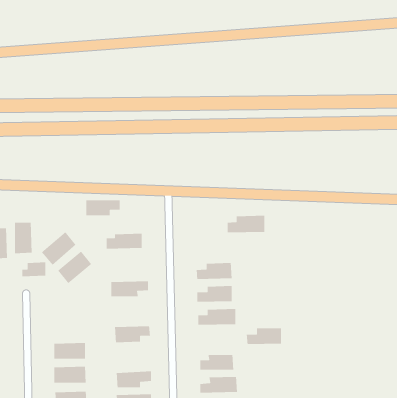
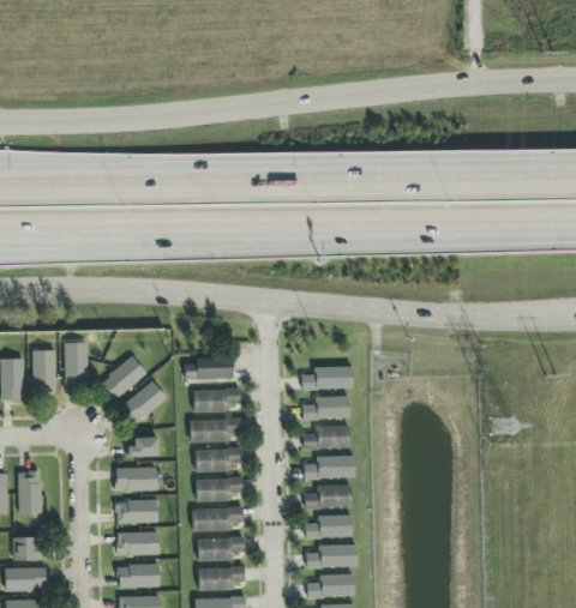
building: [86,200,120,216] -> [194,389,240,410]
building: [227,215,265,233] -> [302,365,353,389]
building: [21,261,46,277] -> [127,435,160,456]
building: none -> [197,447,242,470]
building: none -> [116,466,158,490]
building: [246,328,282,345] -> [305,484,352,507]
building: none -> [193,507,244,530]

